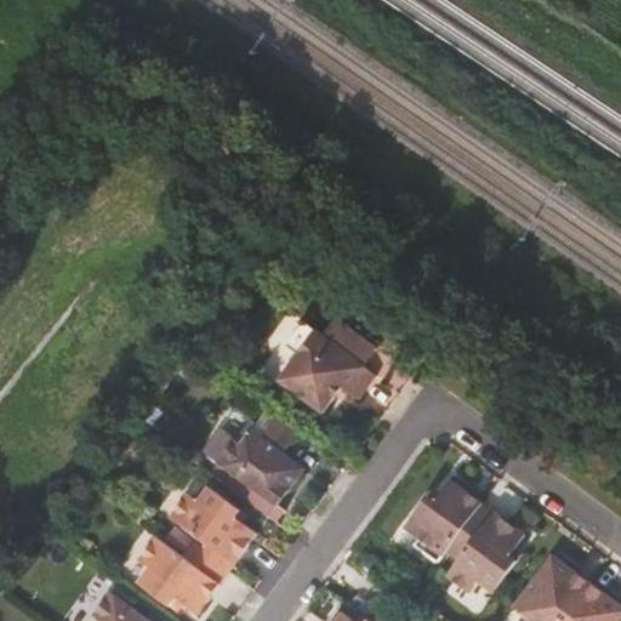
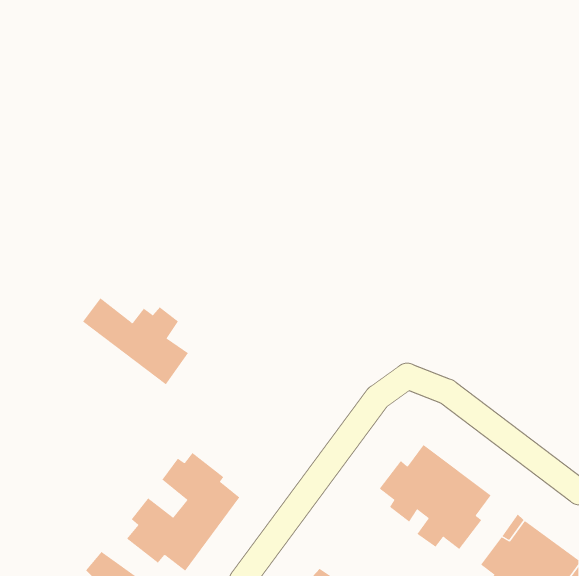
building: [279,317,377,411] -> none
building: [188,415,302,508] -> [82,298,189,385]

